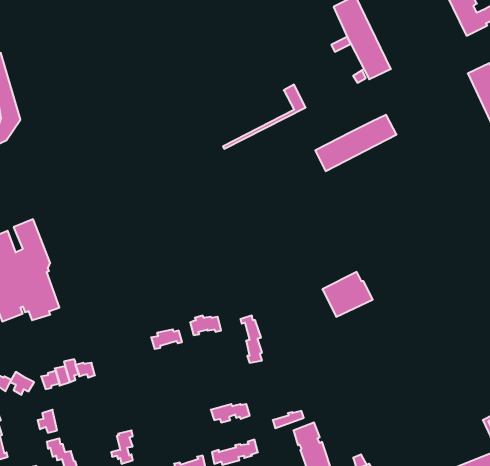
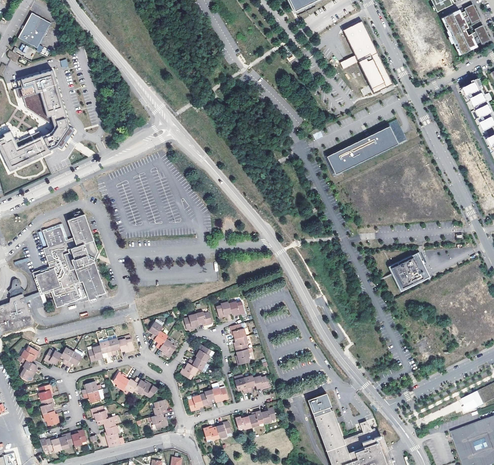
building: [223,85,306,149] -> [335,119,407,175]
building: [322,272,373,317] -> [388,251,432,290]
building: [240,316,262,363] -> [230,323,249,364]
building: none -> [149,321,176,356]
building: none -> [180,344,210,378]
building: none -> [114,371,153,394]
building: none -> [187,386,228,411]

